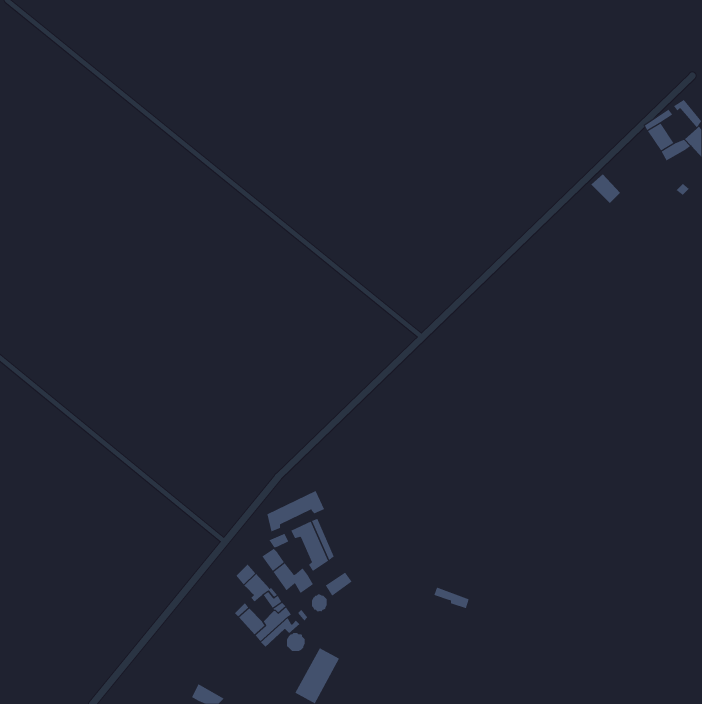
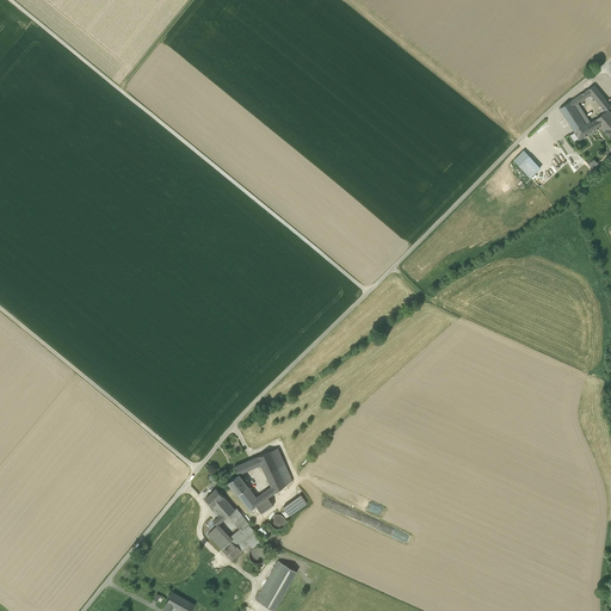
building: [267,490,325,532] -> none

